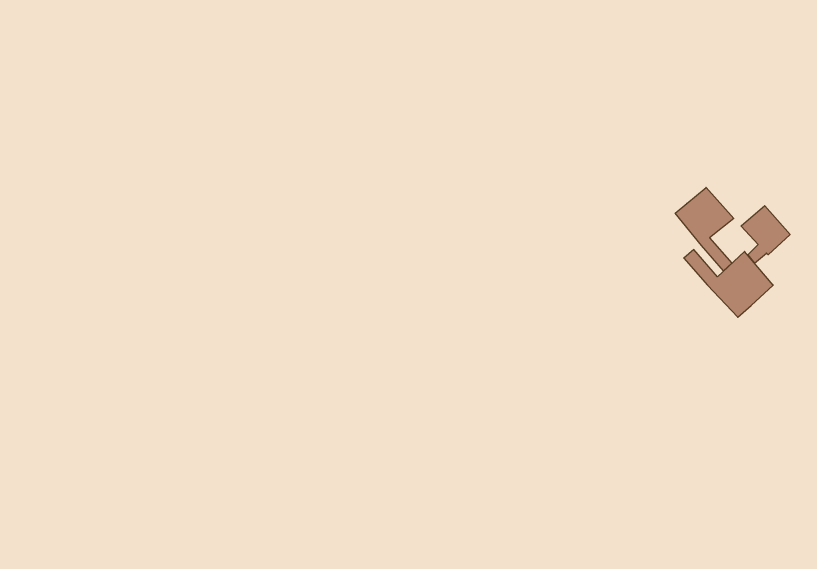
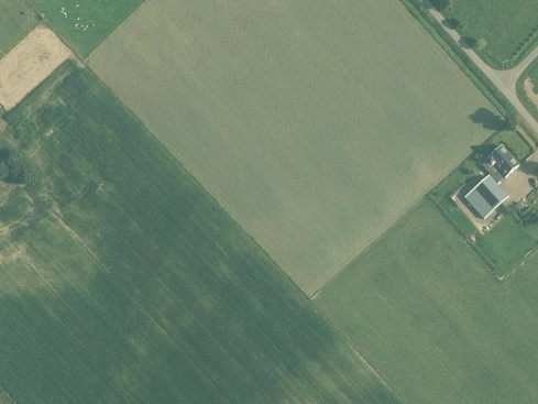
building: [675,187,734,271] -> none

